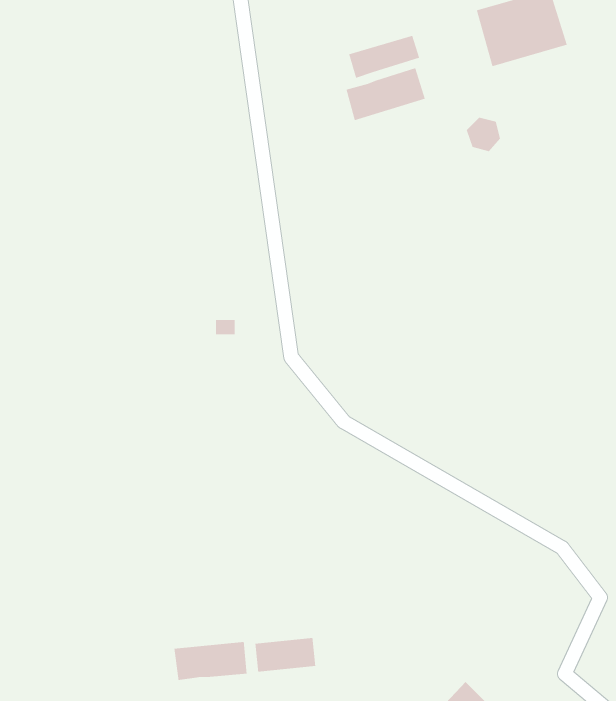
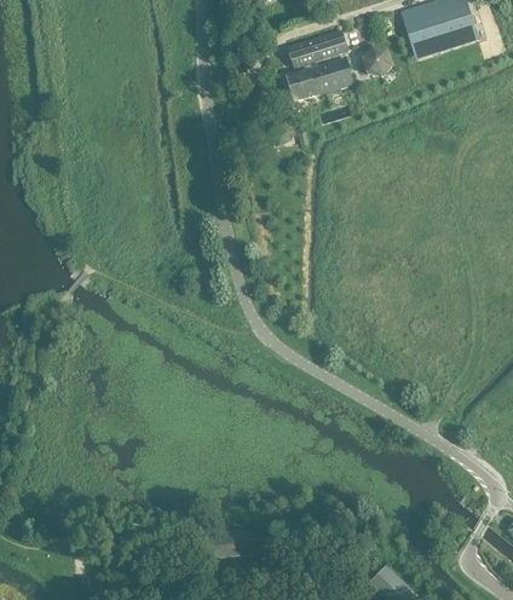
building: [466,117,501,152] -> [364,47,393,76]
building: [173,641,247,681] -> none

